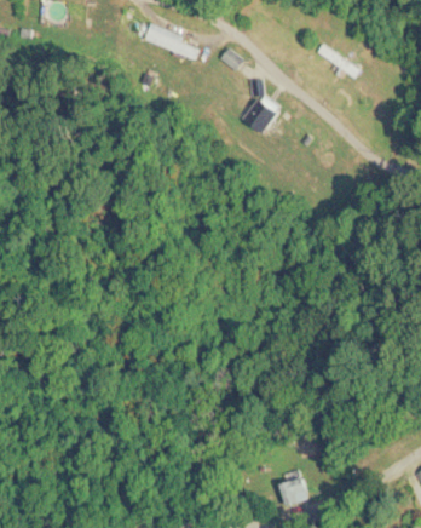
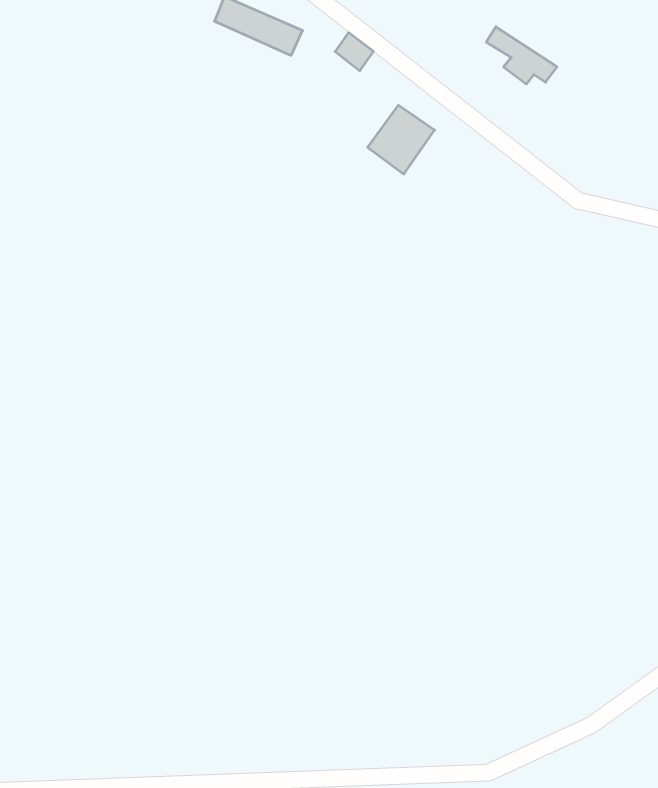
building: [281,477,313,504] -> none

